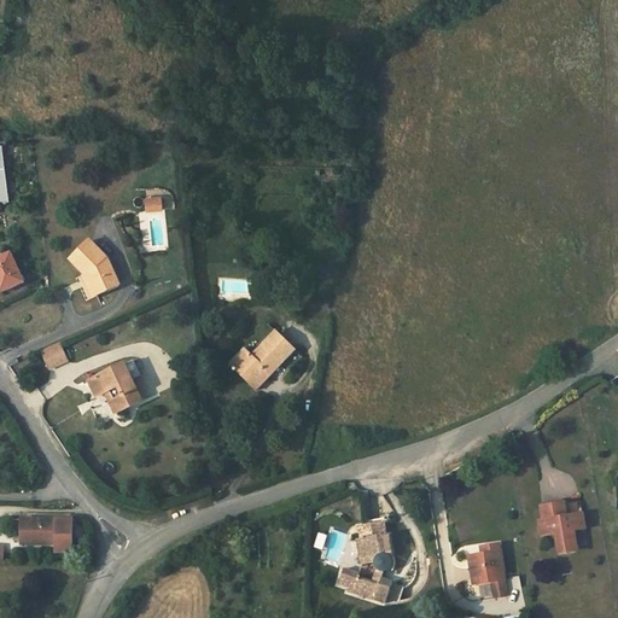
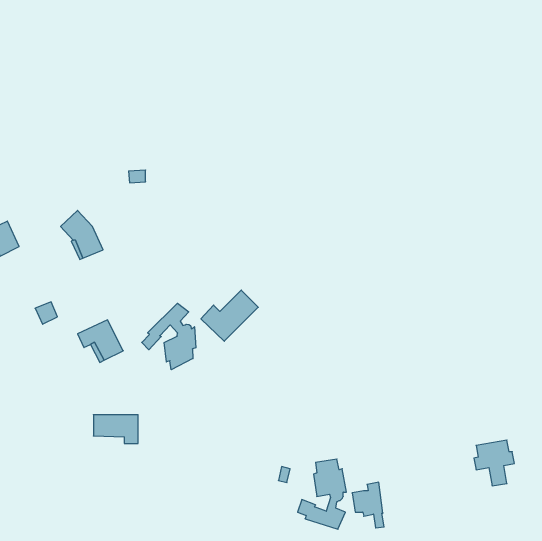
building: none -> [142,303,196,370]
building: [21,518,71,550] -> [93,415,138,443]
building: [468,543,505,595] -> [352,482,384,528]

